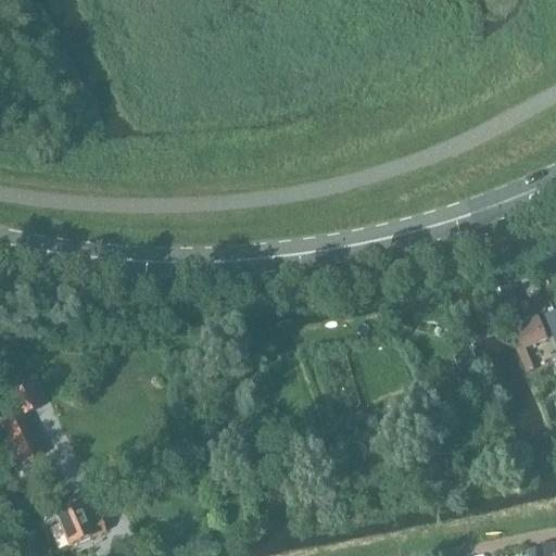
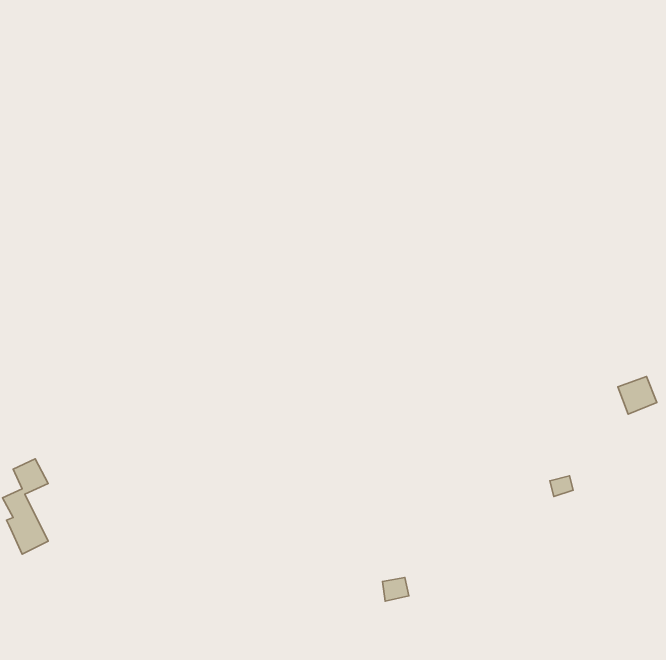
building: [55,501,104,543] -> none

